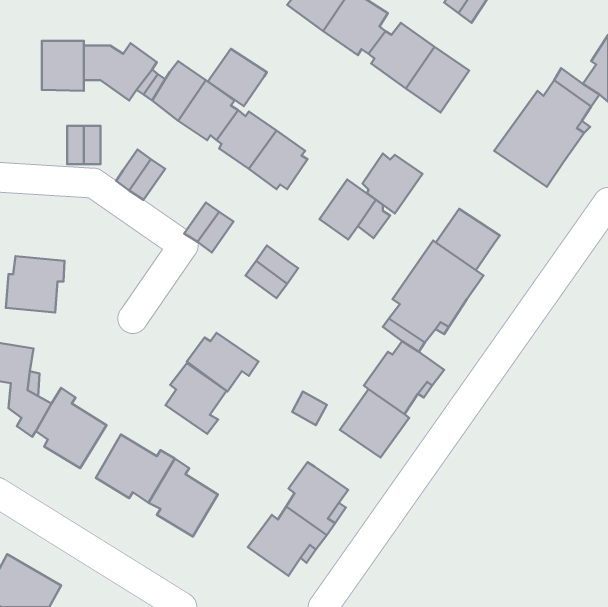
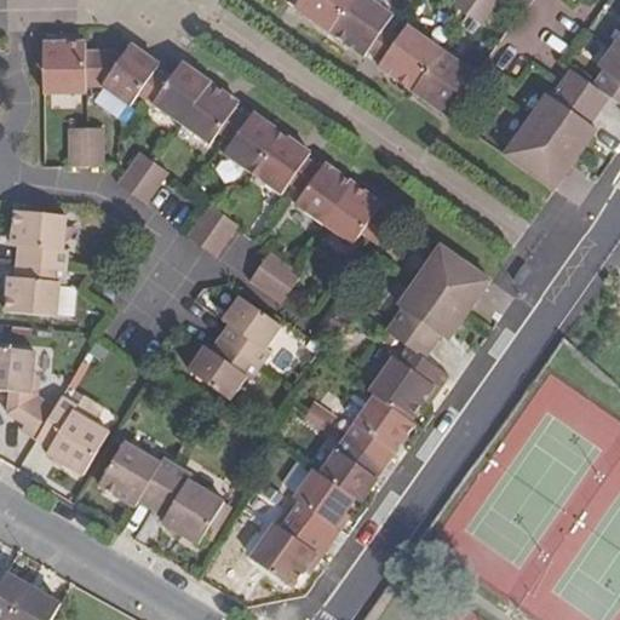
building: [208,49,267,106] -> none
building: [363,154,422,213] -> [291,161,351,222]
building: none -> [10,211,67,264]
building: [436,209,500,270] -> none
building: [165,363,226,434] -> [219,294,281,366]
building: none -> [318,435,385,500]

